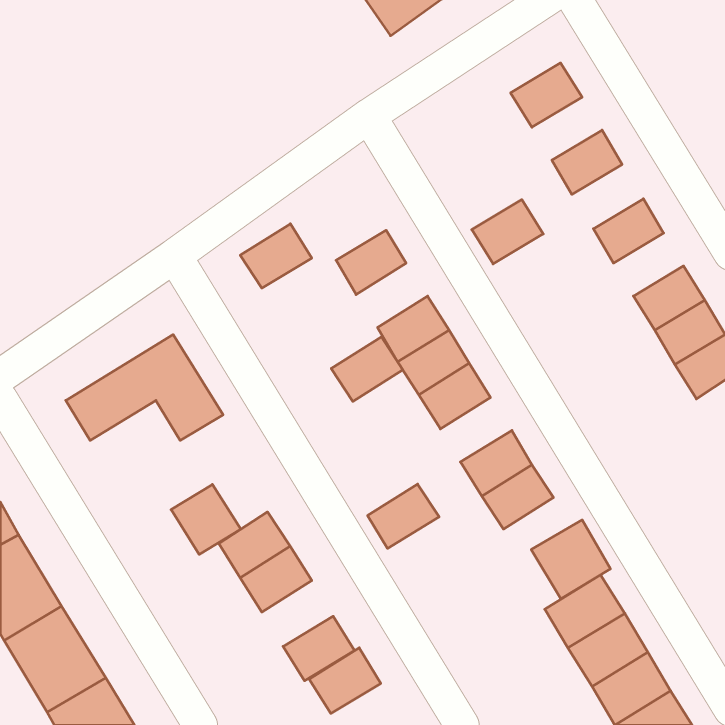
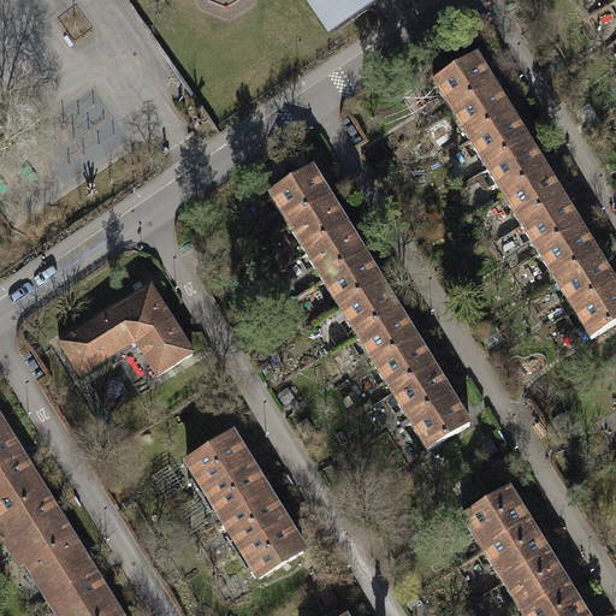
building: none -> [452,82,511,135]
building: [472,200,543,264] -> [486,138,546,192]
building: [240,224,312,288] -> [270,165,330,219]
building: none -> [521,196,580,249]
building: [331,337,403,401] -> [304,221,365,276]
building: [368,484,439,548] -> [375,334,436,389]
building: [171,484,241,554] -> none
building: [531,520,610,599] -> none
building: [309,648,381,713] -> [225,488,285,544]

